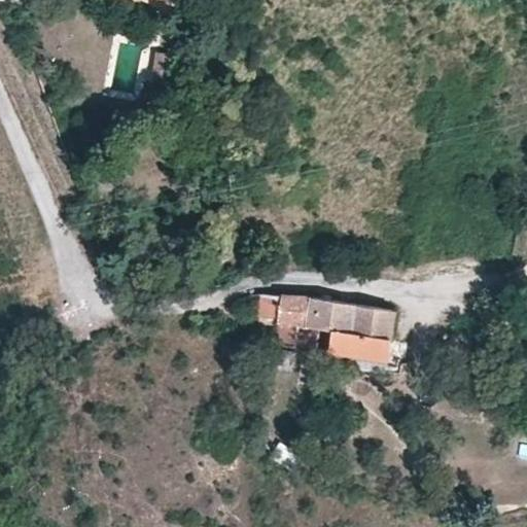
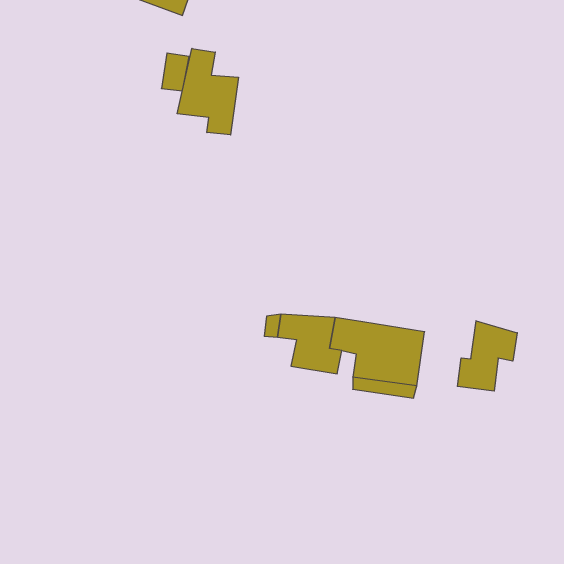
building: none -> [177,48,238,135]
building: none -> [457,321,517,391]

